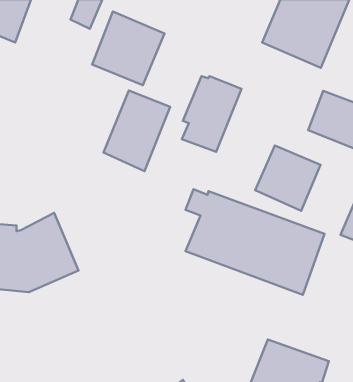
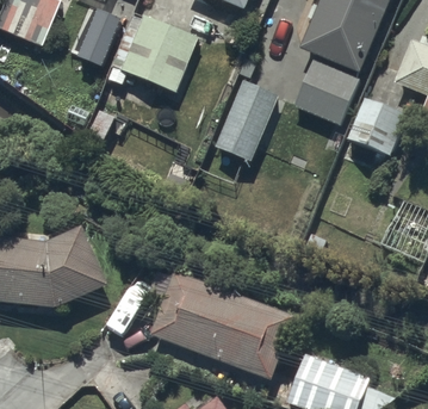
building: [103,90,170,171] -> none
building: [255,145,321,211] -> [292,58,360,126]
building: [186,189,325,295] -> [149,269,293,379]

